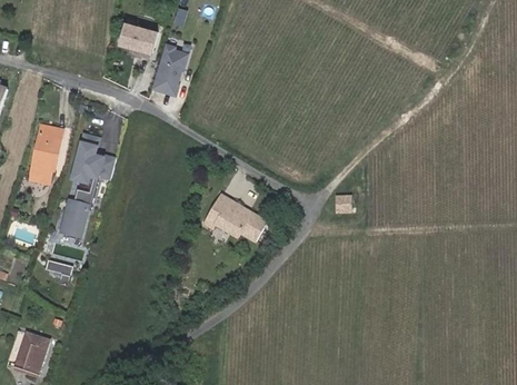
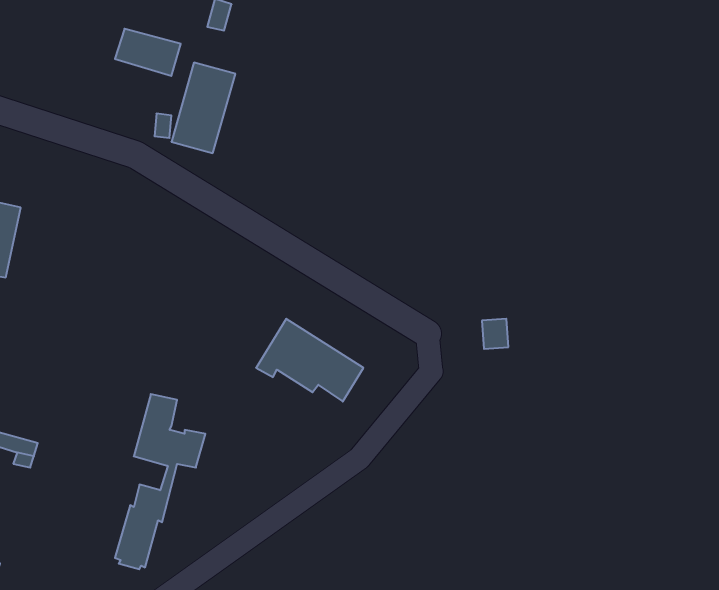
building: [62,136,116,239] -> [115,394,205,569]

